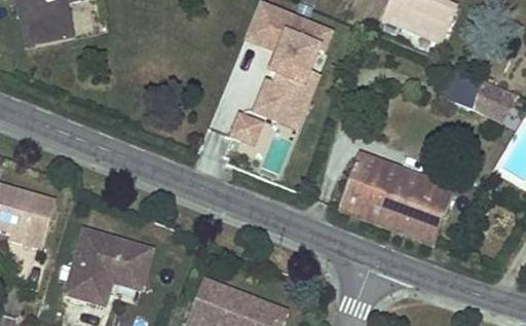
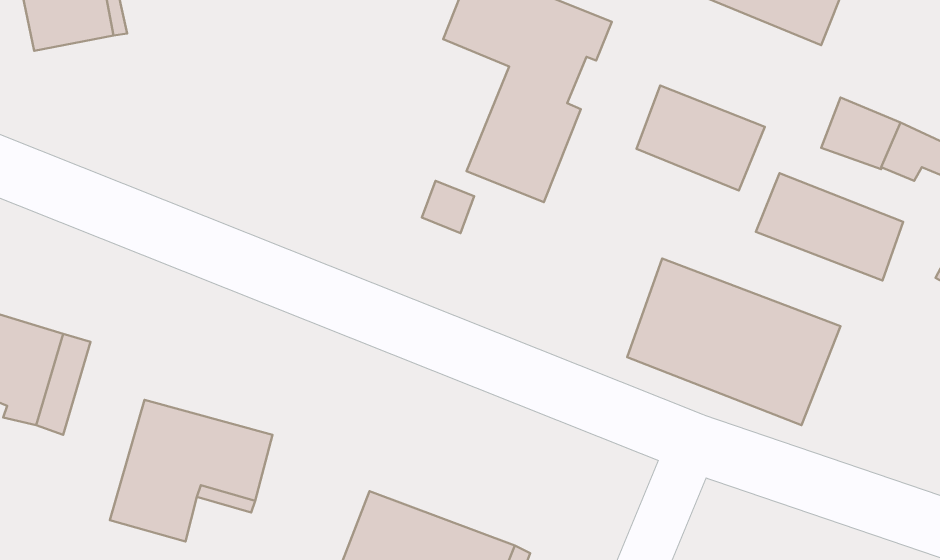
building: none -> [637,85,765,190]
building: none -> [756,173,903,281]

